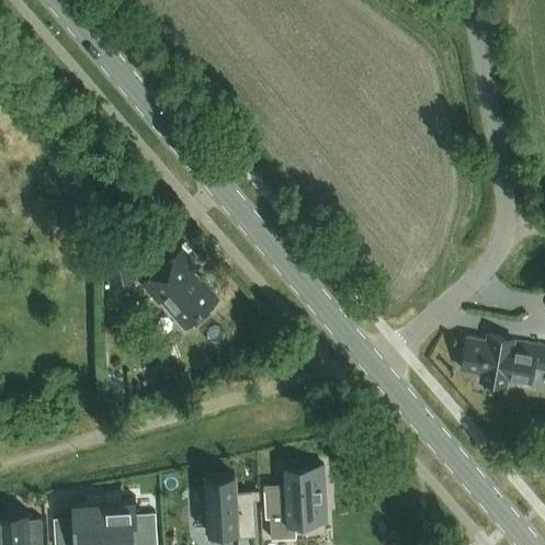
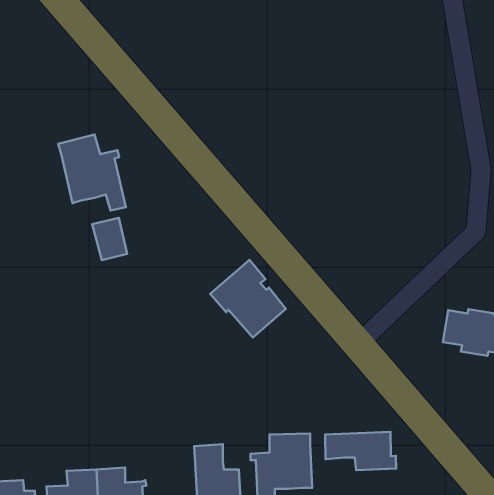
building: none -> [58,134,126,211]
building: [143,253,220,333] -> [210,260,286,338]
building: none -> [325,432,396,470]

